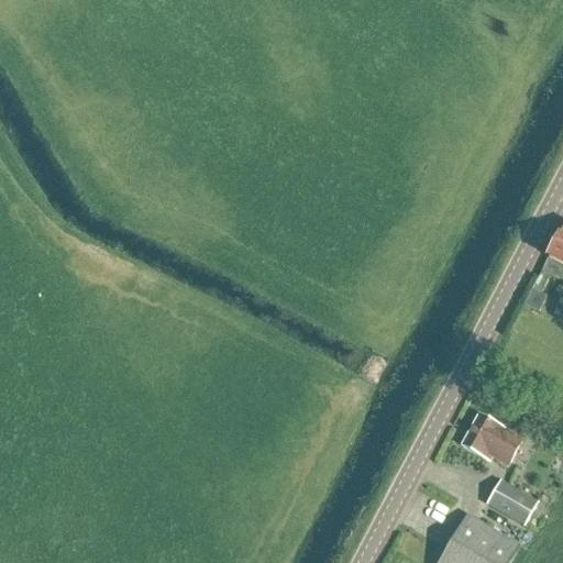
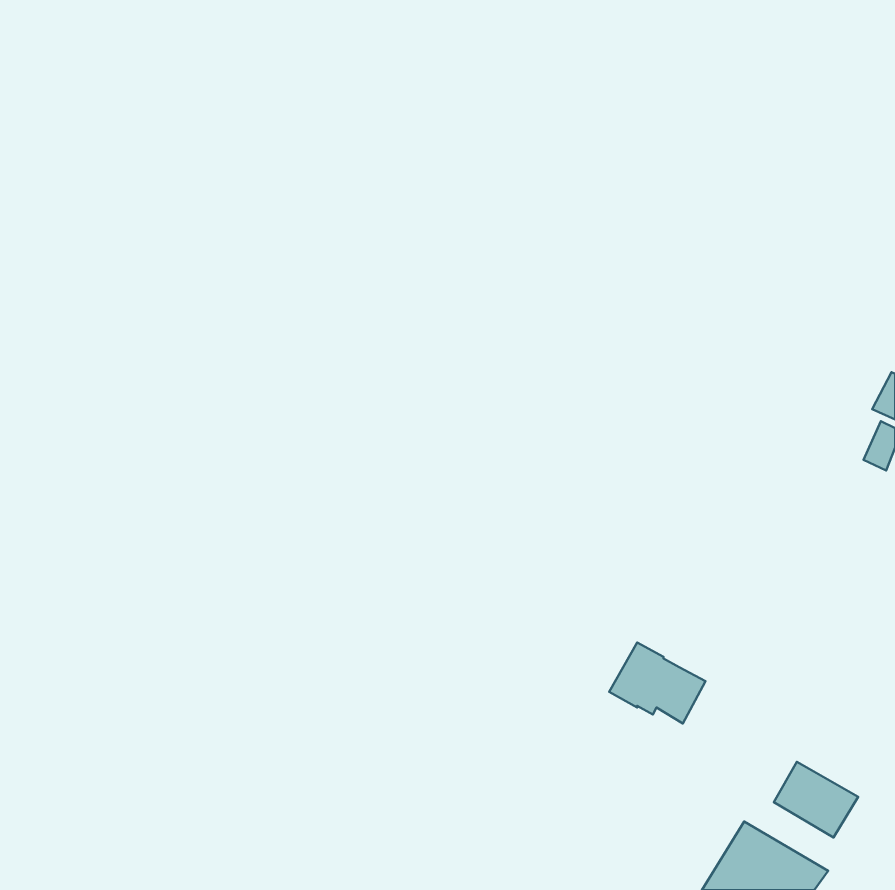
building: [461,415,521,465] -> [609,643,706,723]

